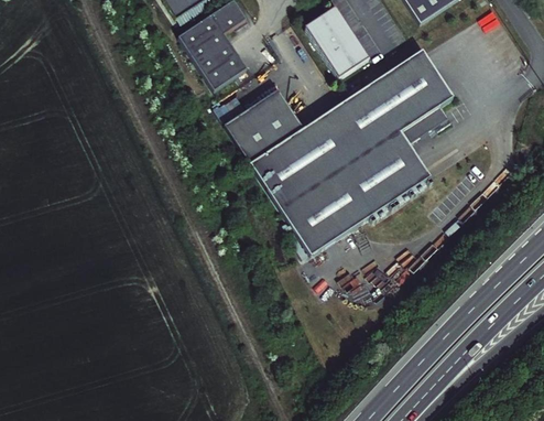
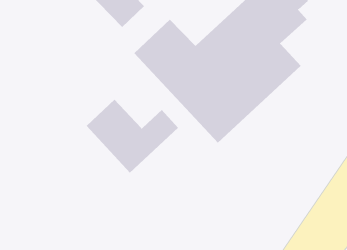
building: none -> [86,99,179,174]

